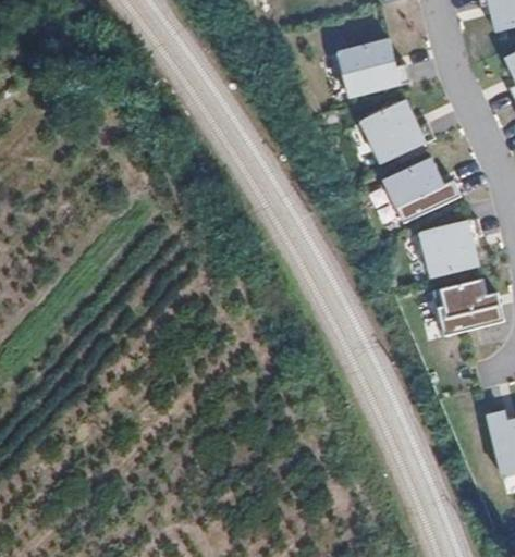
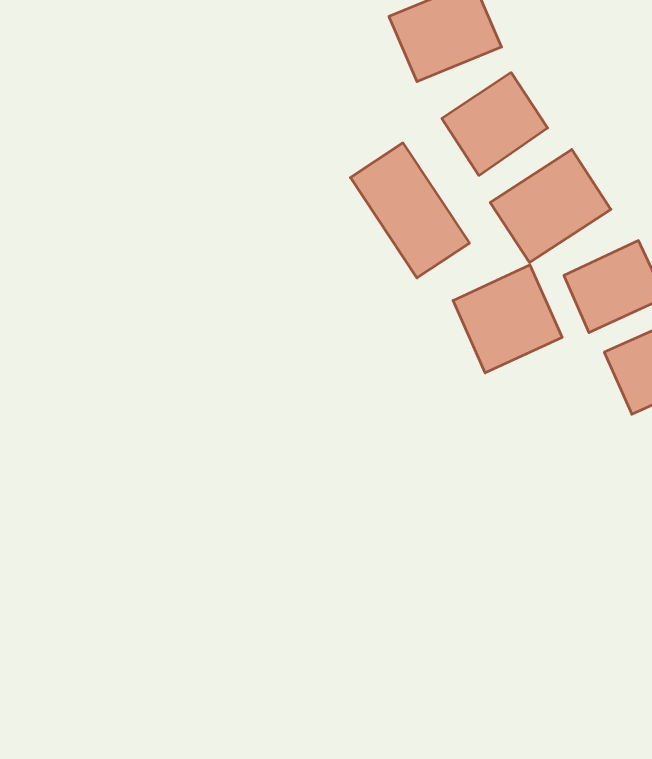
building: none -> [350,143,469,278]
building: none -> [453,265,562,373]

